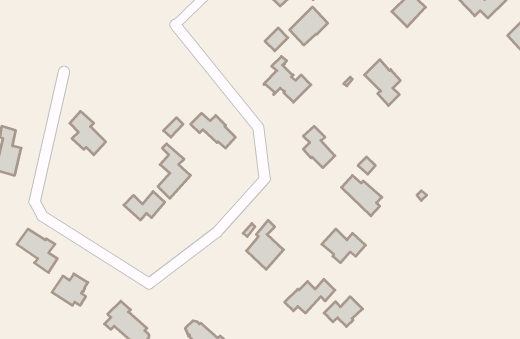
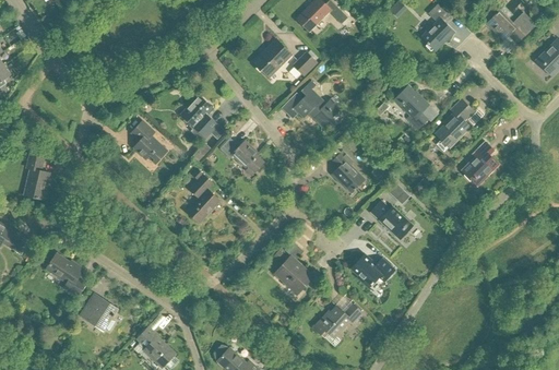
building: [290,7,328,45] -> [253,38,292,76]
building: none -> [180,94,218,138]
building: none -> [435,99,474,152]
building: [70,111,106,155] -> [131,120,167,164]
building: none -> [462,141,499,186]
building: [124,191,165,220] -> none
building: [324,297,363,327] -> none

